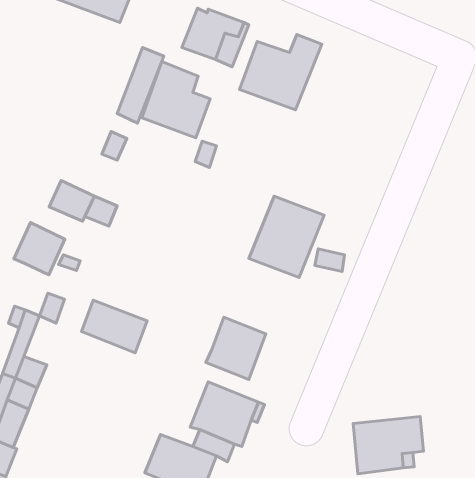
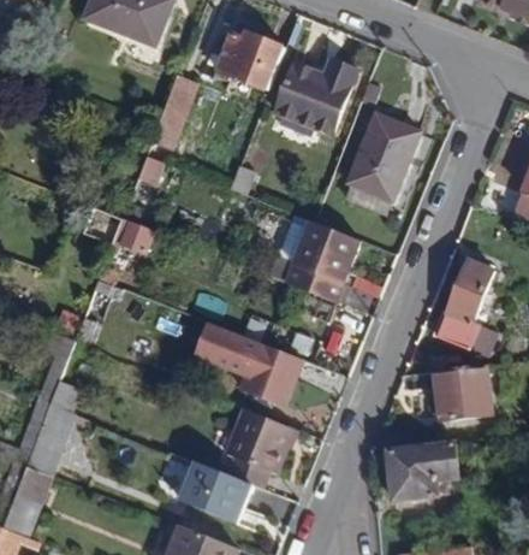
building: [142,61,210,138] -> none
building: none -> [347,117,417,201]
building: [14,222,65,275] -> none
building: none -> [433,259,494,349]
building: [81,300,147,353] -> [192,323,258,376]
building: none -> [435,365,493,423]

